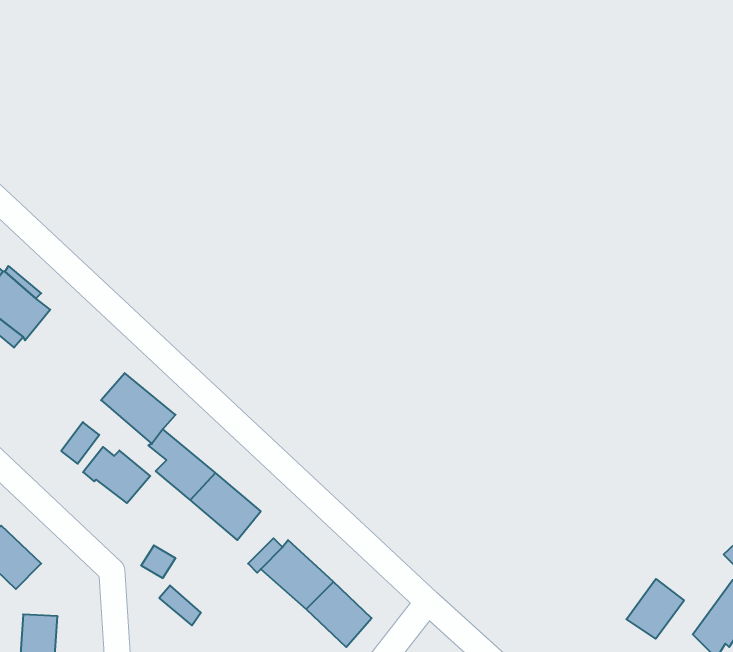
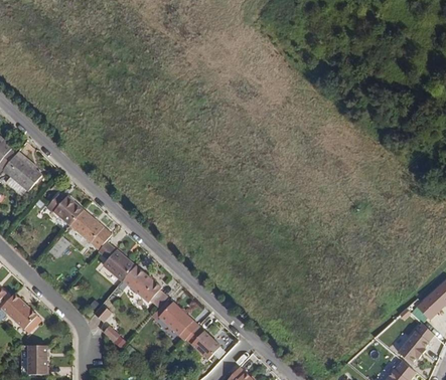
building: [83,447,150,503] -> [46,193,84,224]
building: [626,579,684,639] -> none

